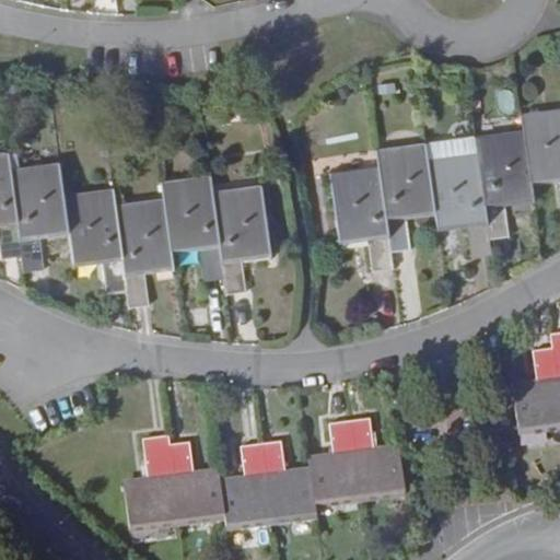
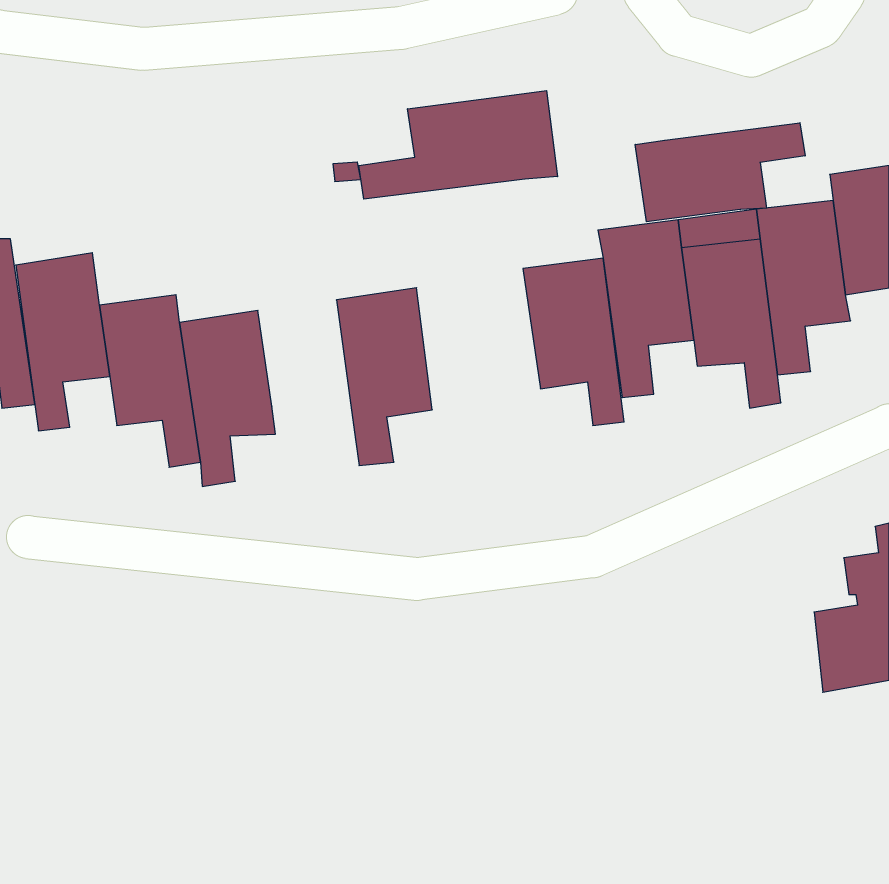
building: none -> [359,91,558,199]
building: none -> [635,123,805,222]
building: [160,173,223,279] -> none
building: [131,421,420,537] -> none

